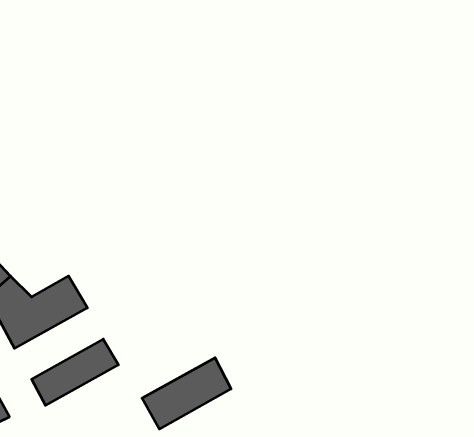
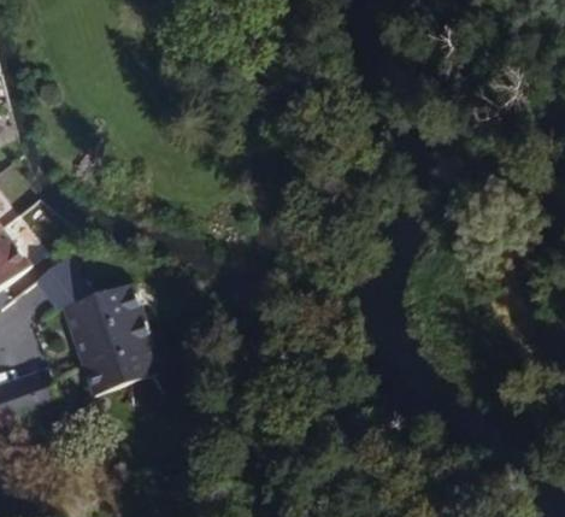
building: [142,358,231,429] -> [69,313,149,369]

